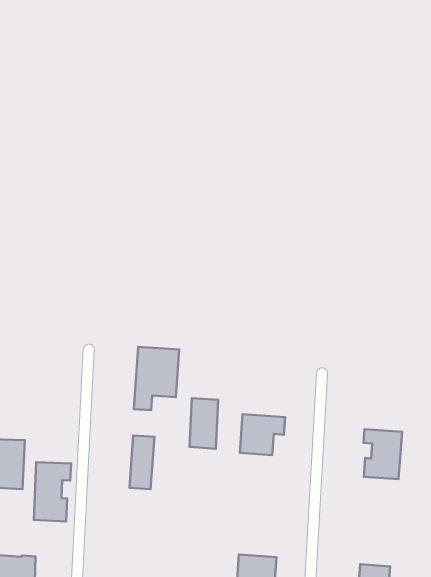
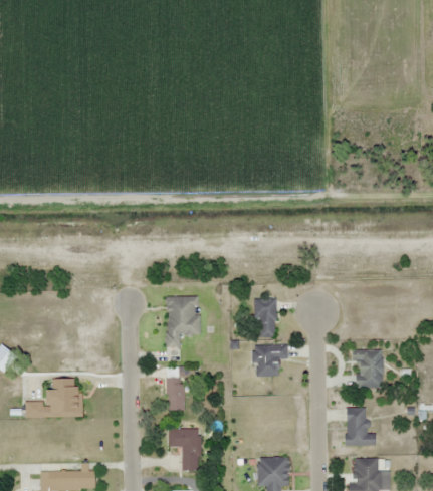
building: [190,398,218,449] -> [254,298,276,337]
building: [34,462,71,521] -> none
building: none -> [345,407,376,446]
building: none -> [169,428,200,470]

